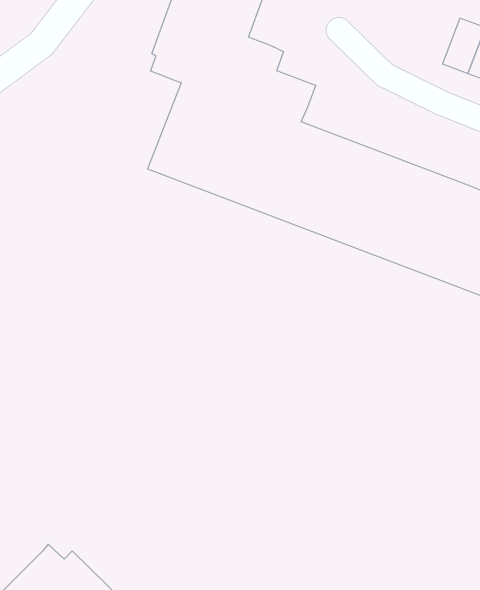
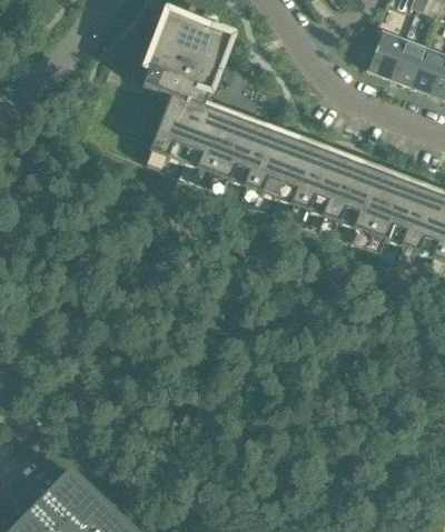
building: none -> [367,32,403,78]

